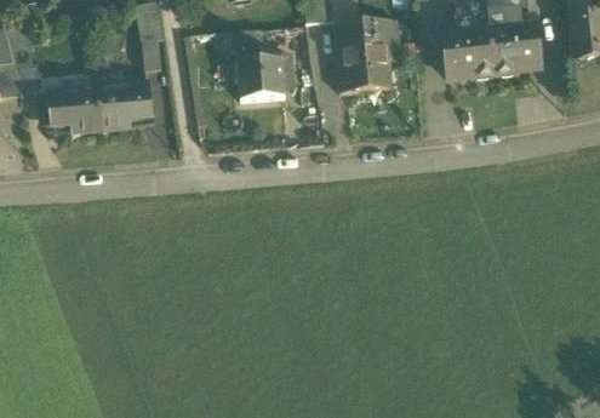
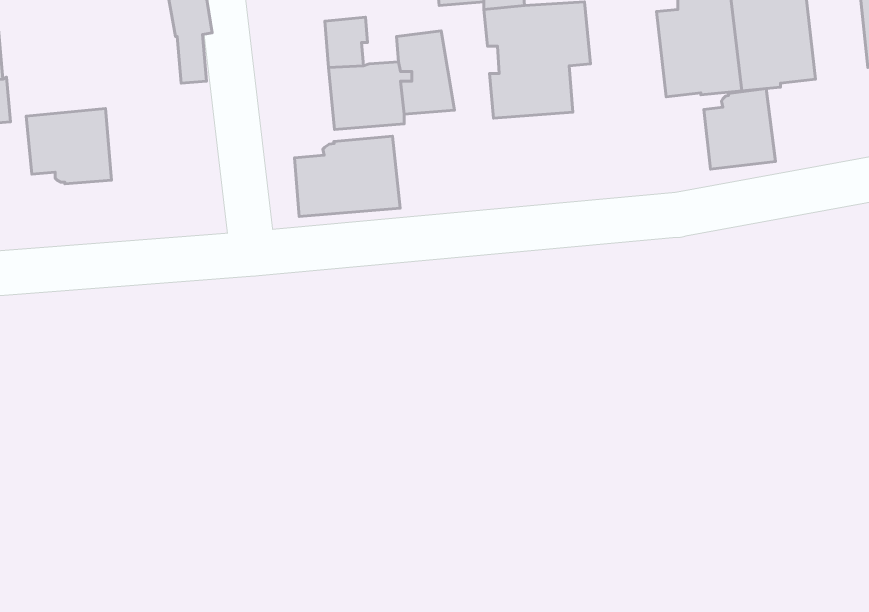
building: none -> [704,88,776,169]
building: [97,84,150,132] -> none
building: none -> [295,136,400,217]

